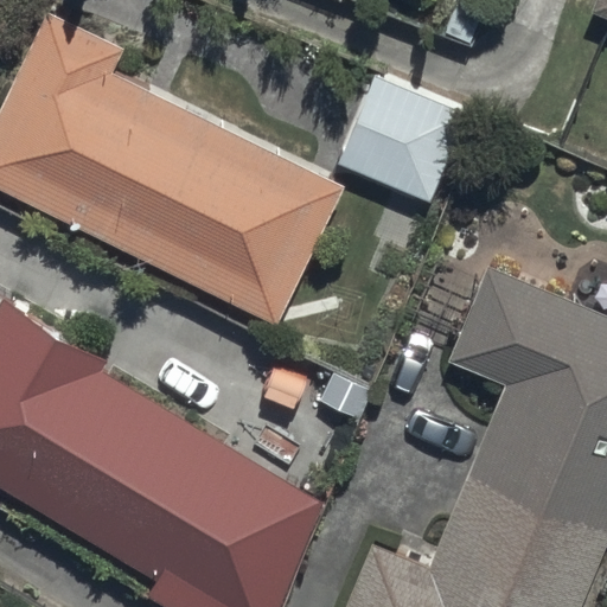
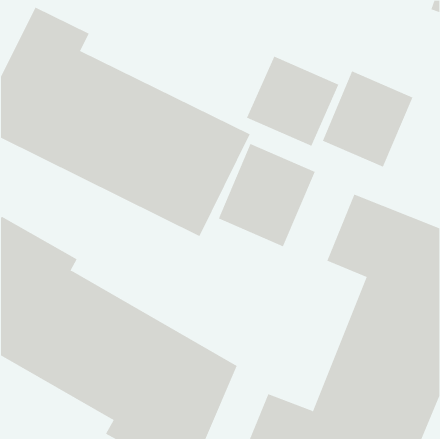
building: none -> [322,71,413,168]
building: none -> [218,143,315,247]

